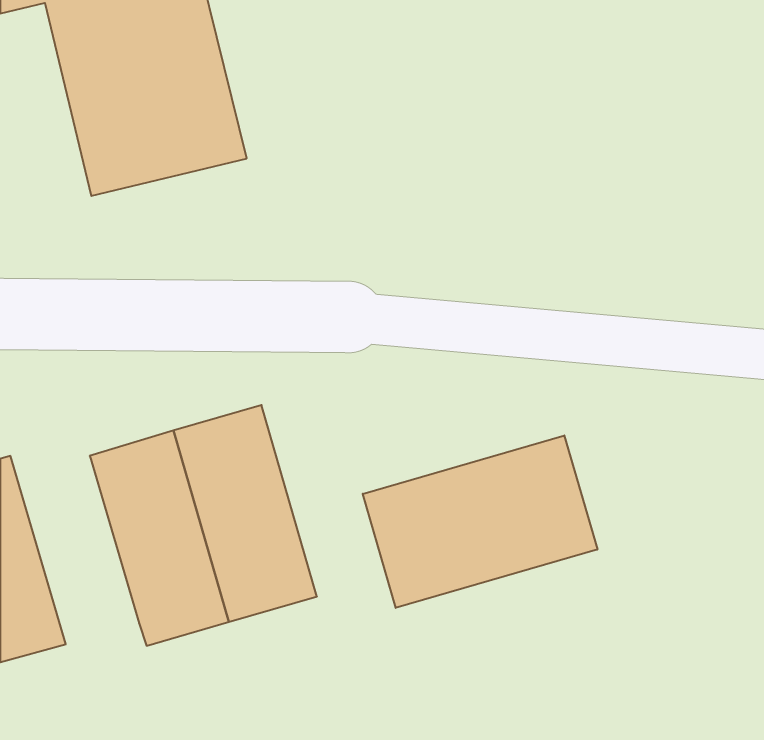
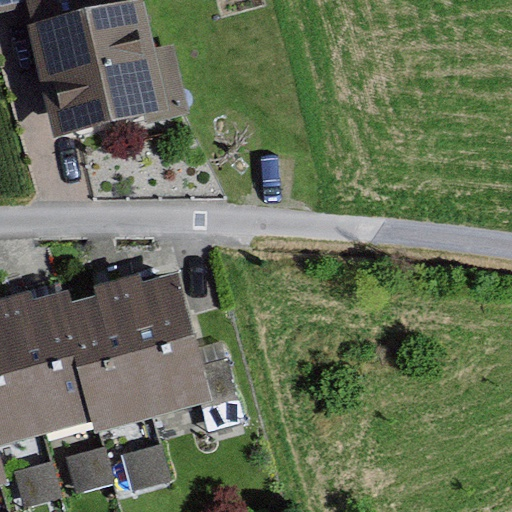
building: none -> [7,291,93,431]
building: [363,435,597,608] -> none

